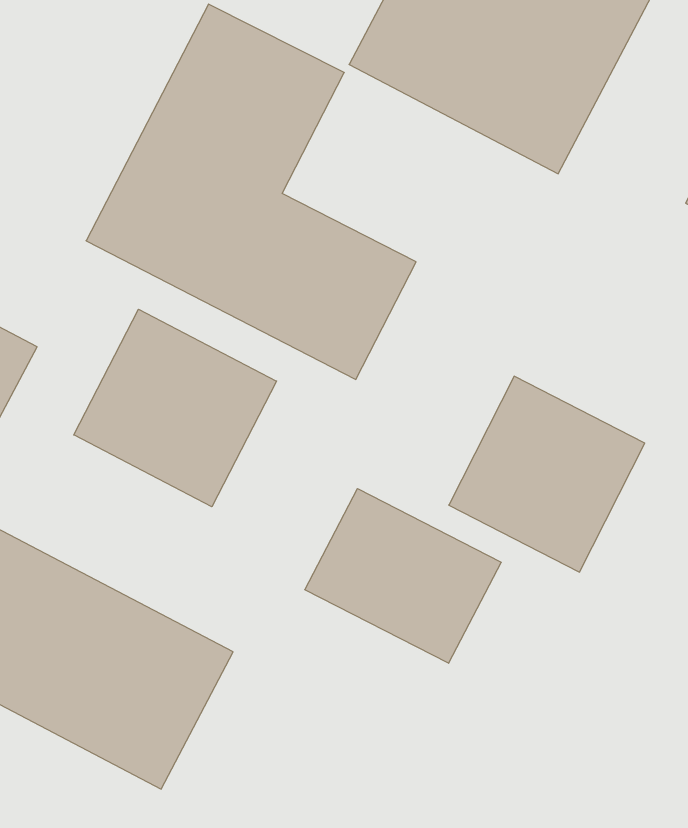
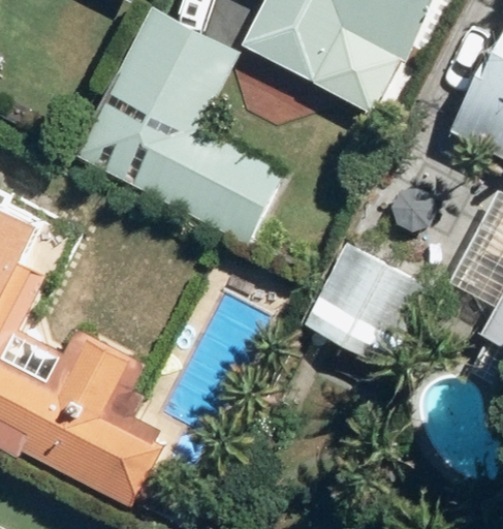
building: [74,309,277,507] -> none
building: [305,489,501,663] -> none

